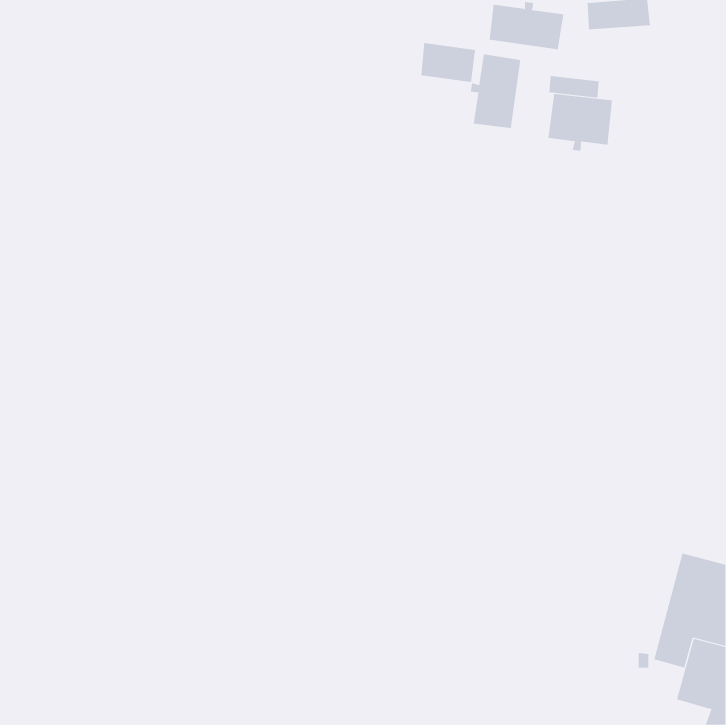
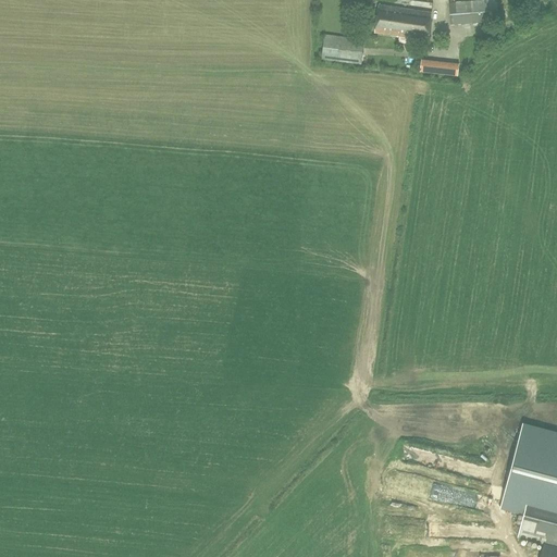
building: [470,54,521,129] -> none
building: [548,93,613,152] -> none

